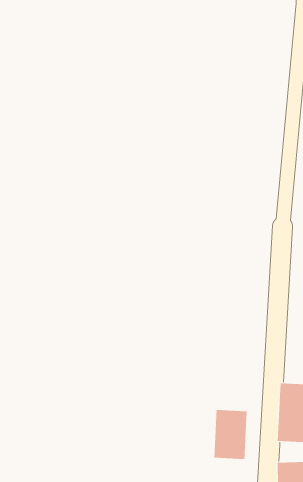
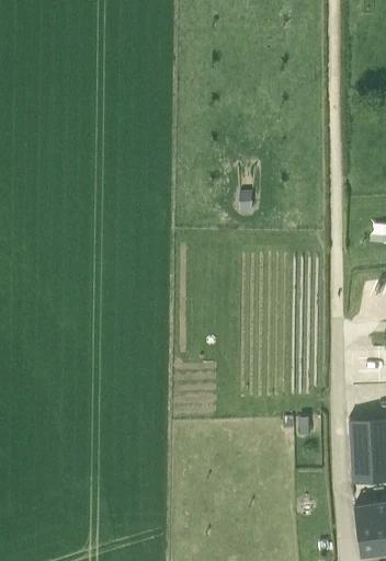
building: [214,409,247,460] -> none

